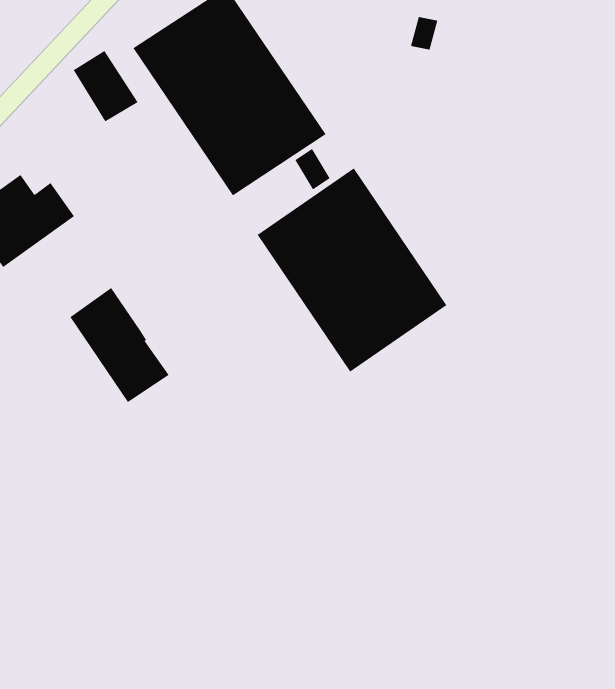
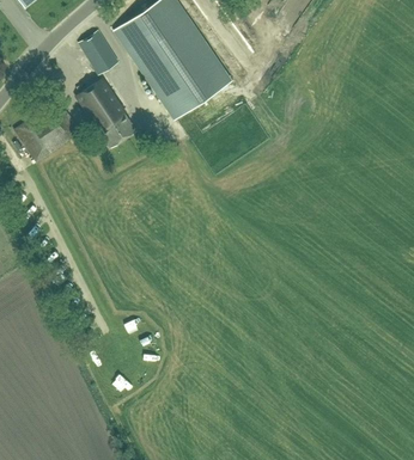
building: [257,167,447,373] -> none
building: [70,287,169,403] -> [77,78,136,147]

